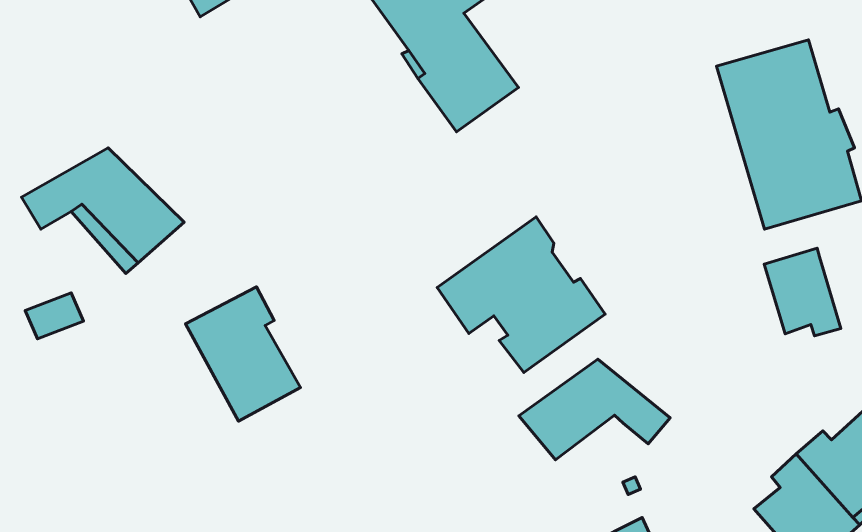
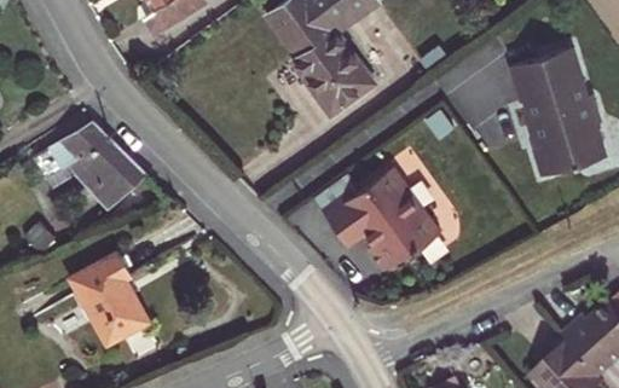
building: [764,248,841,336] -> none
building: [186,287,301,421] -> [70,253,149,344]
building: [519,359,670,460] -> none

